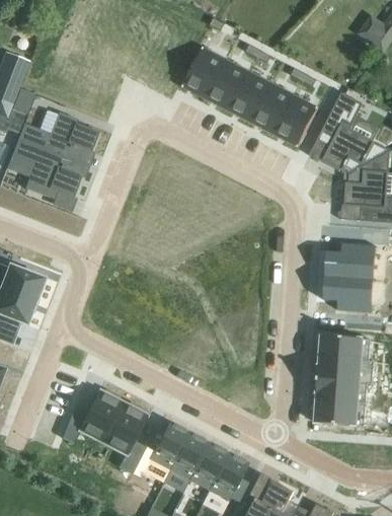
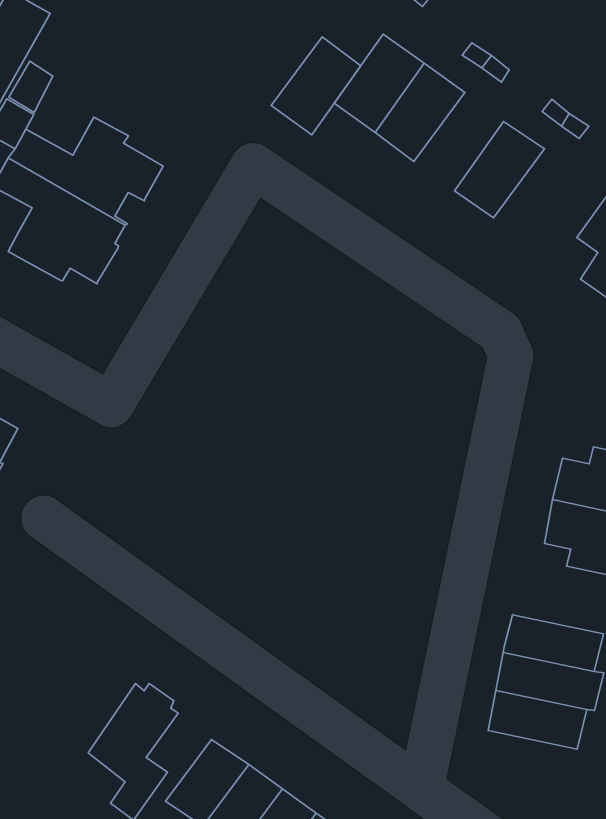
building: [229,71,272,123] -> [271,37,361,135]
building: [275,94,319,146] -> none
building: [63,389,124,443] -> none
building: [308,400,358,425] -> none

